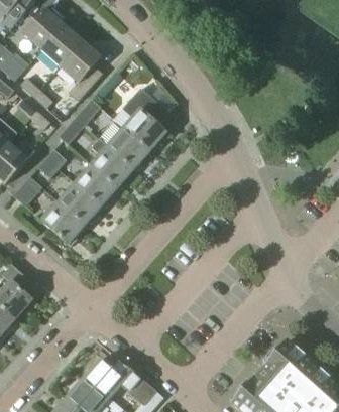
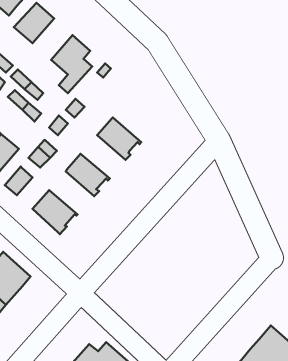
building: [41,24,83,66] -> none
building: [122,88,170,151] -> none
building: [91,138,137,188] -> none
building: [59,181,105,226] -> none

